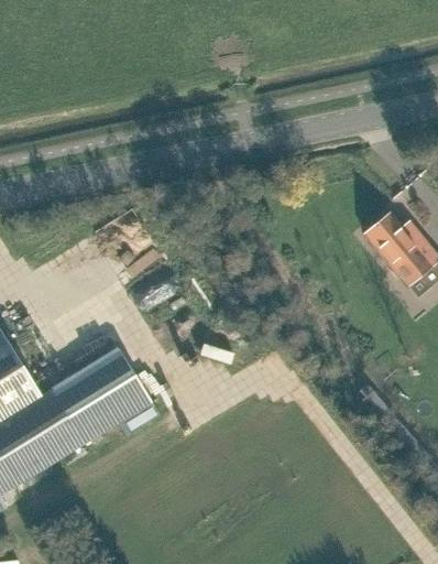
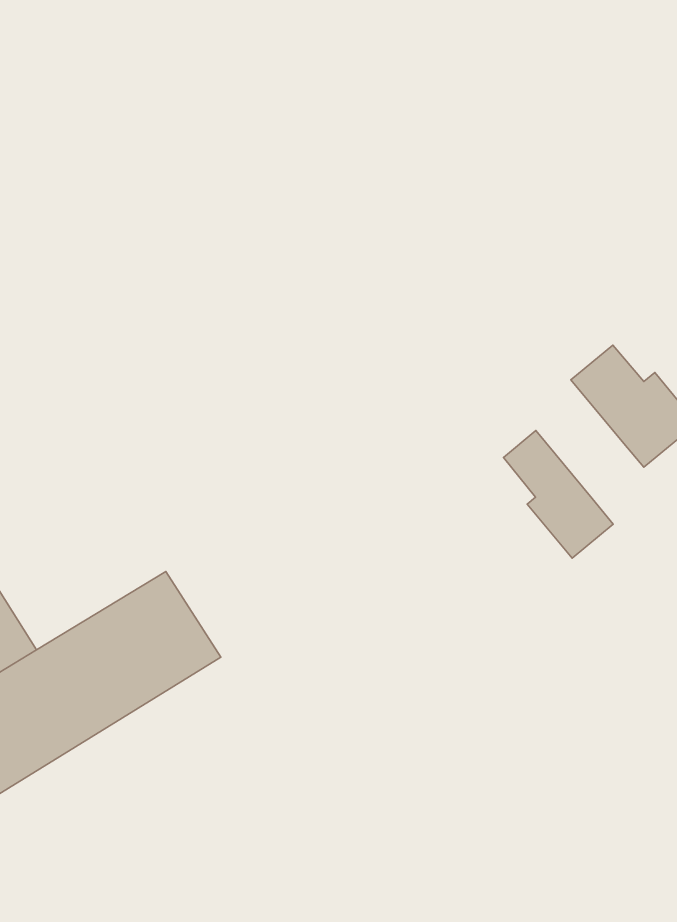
building: none -> [503,430,613,558]

